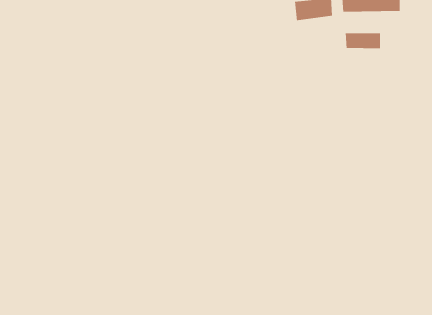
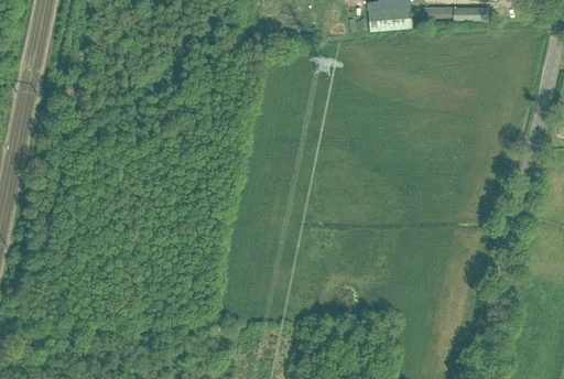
building: [345,32,380,49] -> none

